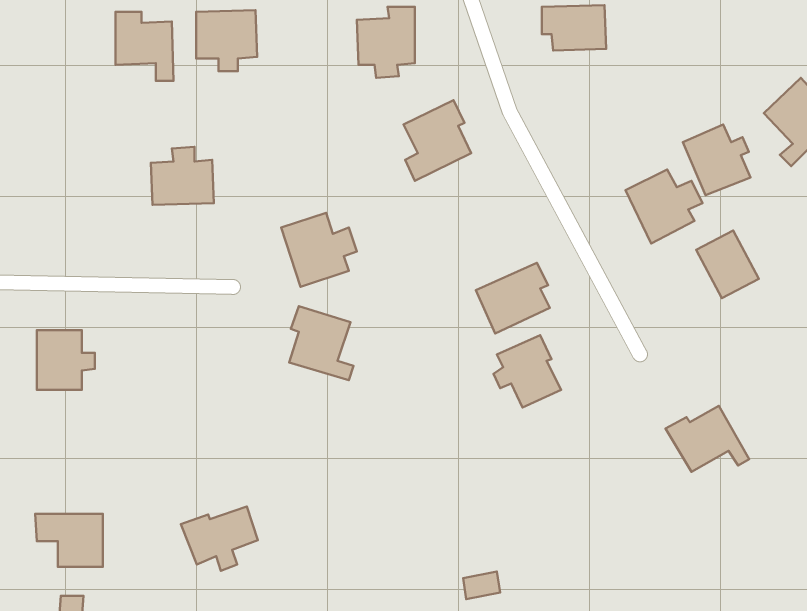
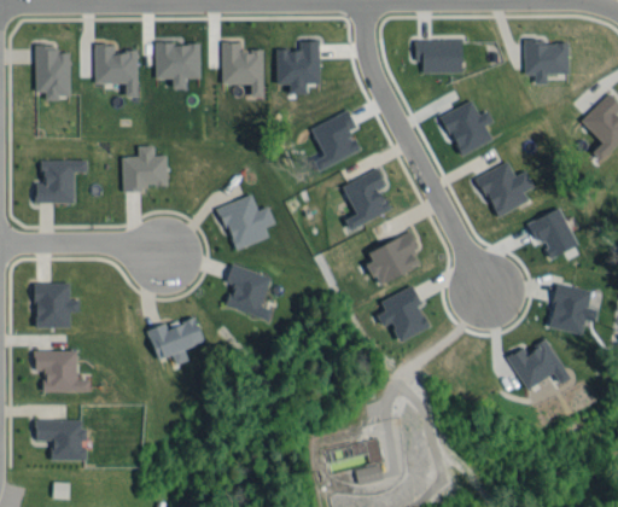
building: none -> [524,40,569,83]
building: none -> [220,41,263,95]
building: none -> [34,47,70,100]
building: [683,124,750,195] -> [442,101,492,155]
building: none -> [35,159,86,203]
building: none -> [343,169,390,227]
building: none -> [548,282,597,334]
building: none -> [34,350,89,392]
building: [181,506,258,571] -> [146,316,204,365]

